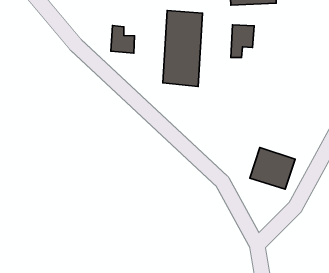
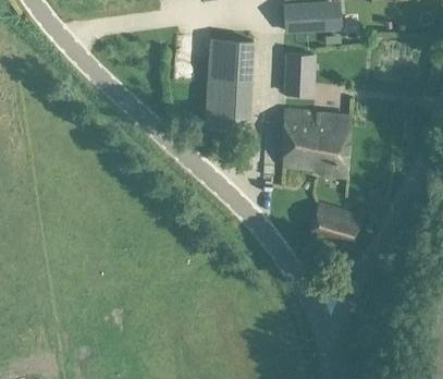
building: [111,26,134,53] -> none
building: none -> [282,111,350,178]

